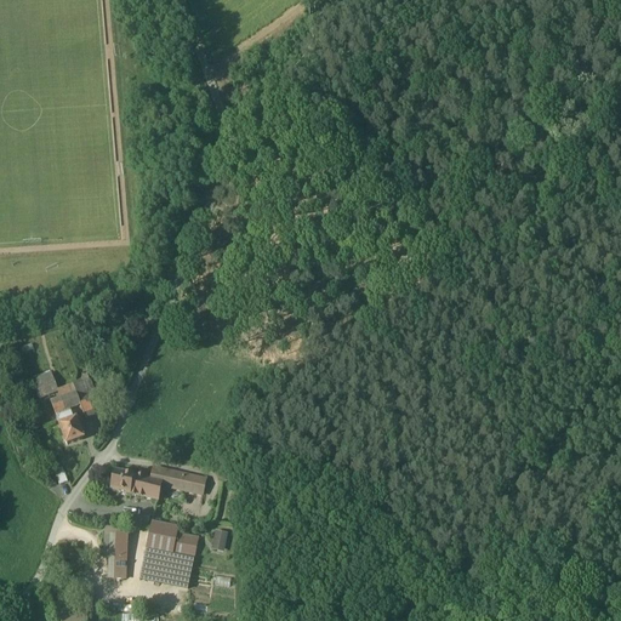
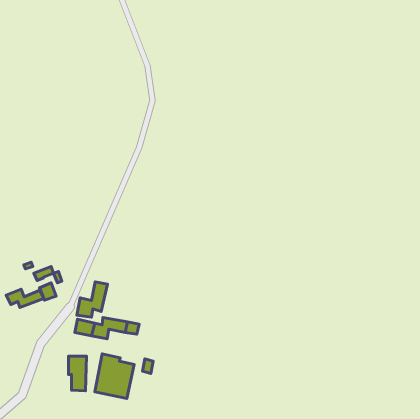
building: none -> [77,282,108,317]
building: none -> [6,289,44,307]

